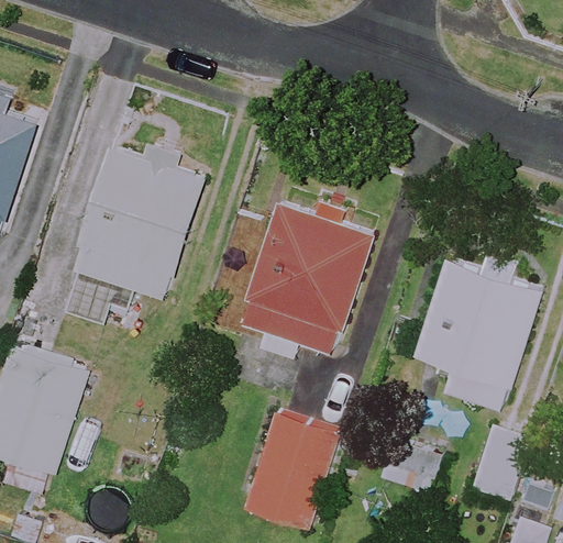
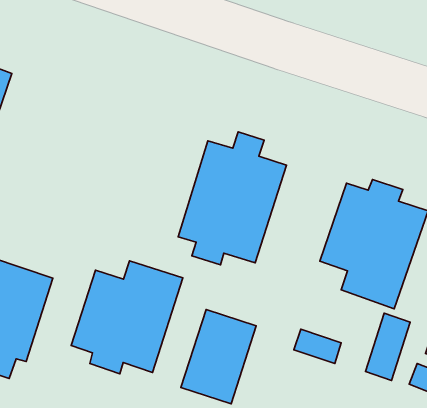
building: [57,144,206,331] -> none
building: none -> [71,261,183,374]

